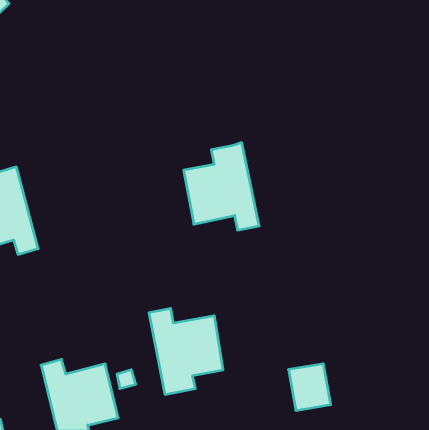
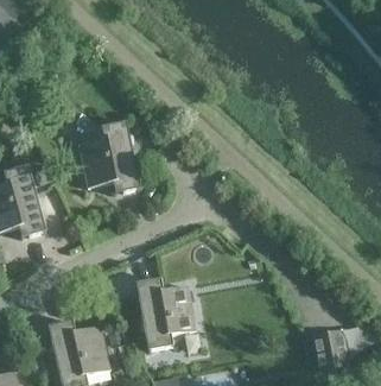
building: [184,143,259,230] -> [78,119,140,190]
building: [288,364,331,410] -> [313,329,348,367]

